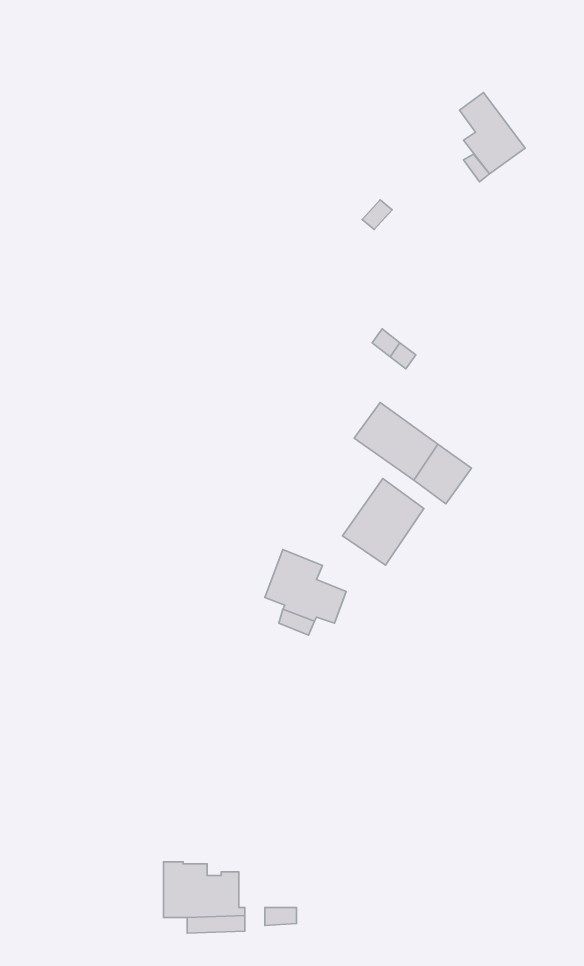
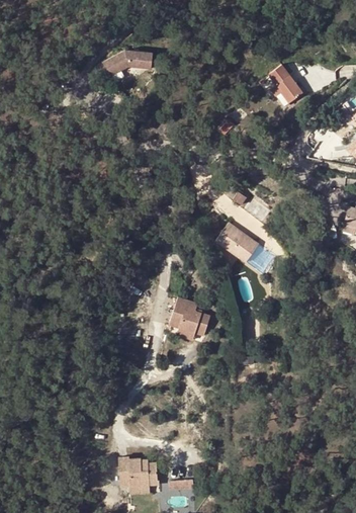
building: none -> [103,50,154,76]
building: [342,478,424,565] -> none

